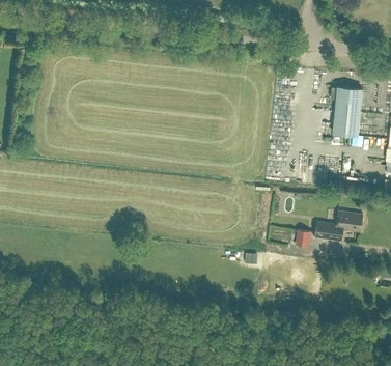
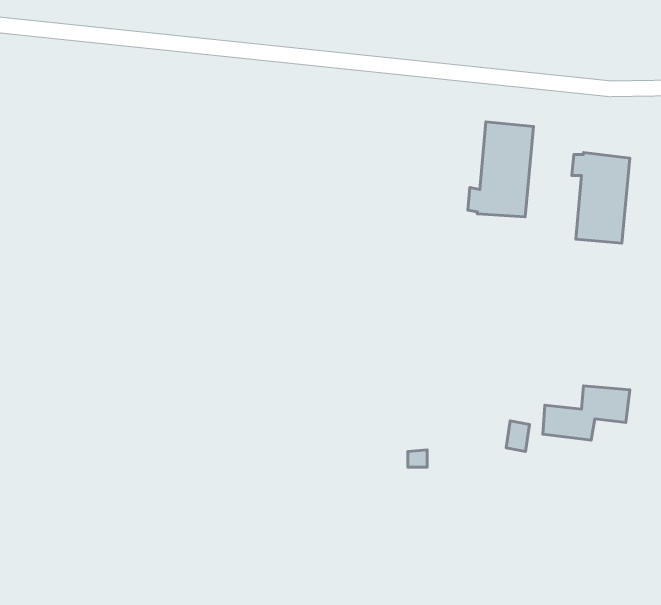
building: none -> [468,122,533,217]

